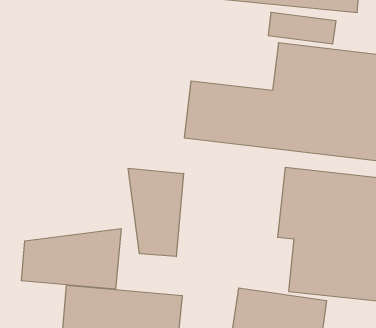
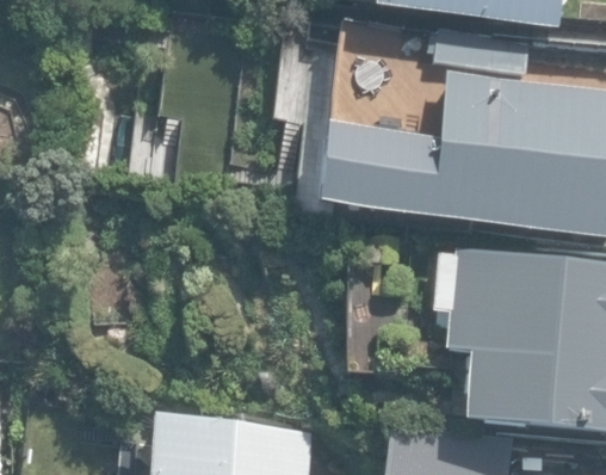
building: [128,168,184,257] -> none
building: [22,229,121,289] -> none

